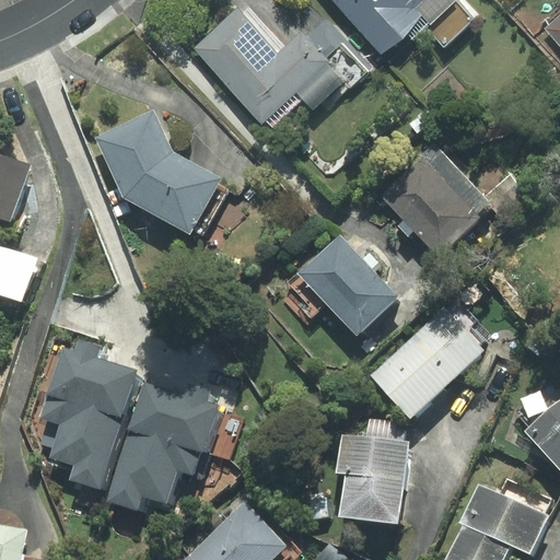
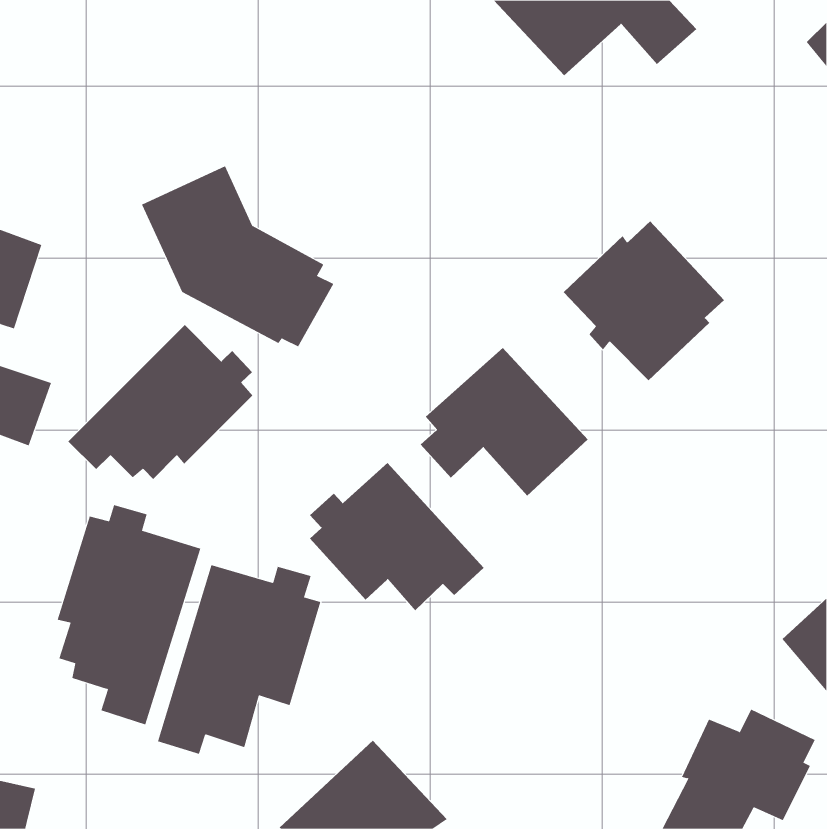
building: [191,7,372,130] -> none
building: none -> [67,324,253,480]
building: [371,308,481,417] -> none
building: none -> [309,462,484,611]
building: [337,434,408,524] -> none

